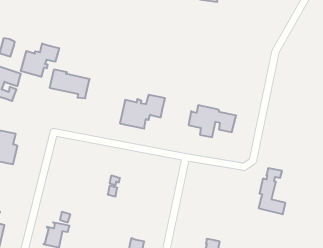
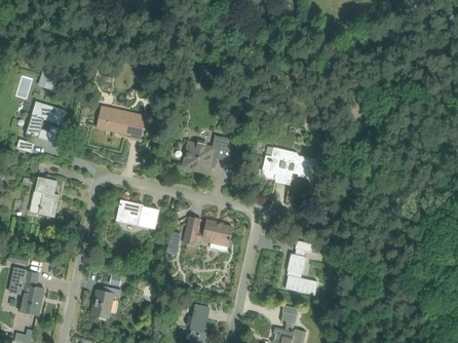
building: [21,43,59,77] -> none
building: none -> [117,200,159,229]
building: none -> [183,219,232,251]
building: [259,168,285,214] -> [285,240,317,295]

